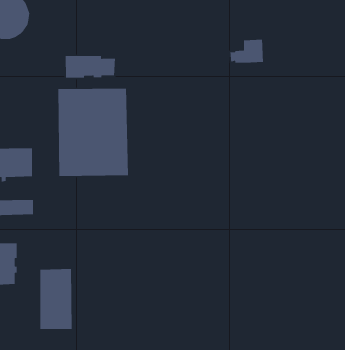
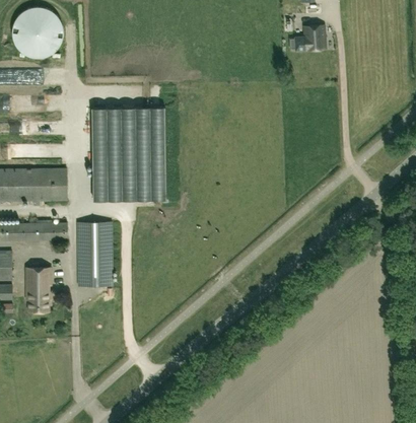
building: [230,39,264,63] -> [289,25,325,51]
building: [65,55,116,79] -> none
building: [39,268,73,330] -> [77,222,112,286]

